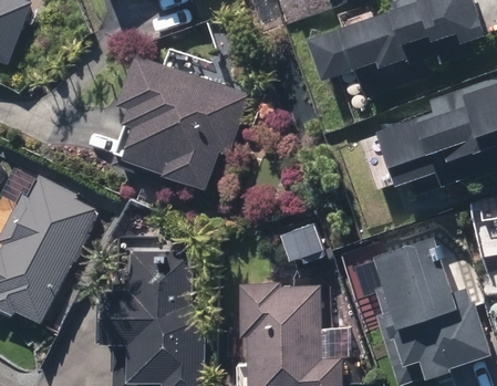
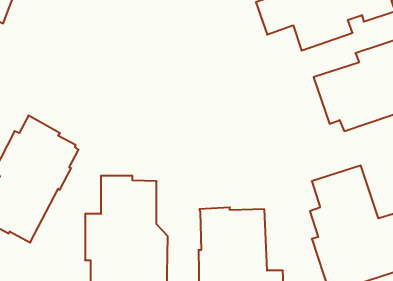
building: [111,54,248,190] -> none

